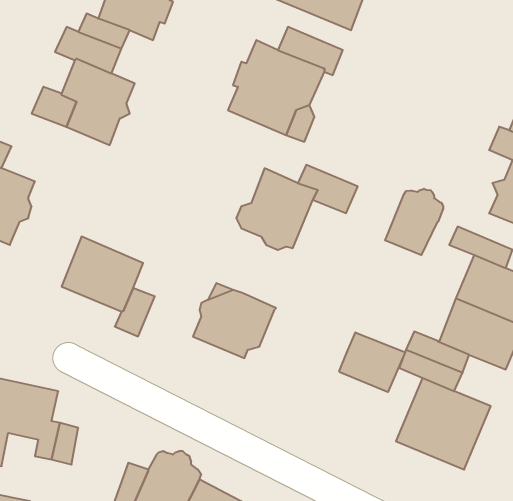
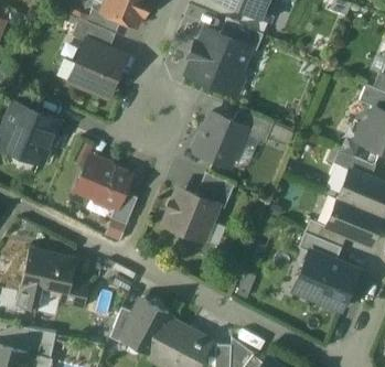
building: [385,189,443,255] -> none
building: none -> [195,174,233,209]
building: [339,332,405,392] -> none

